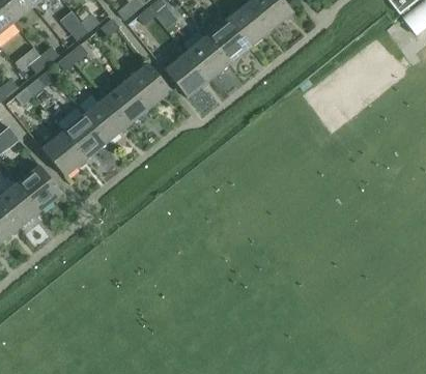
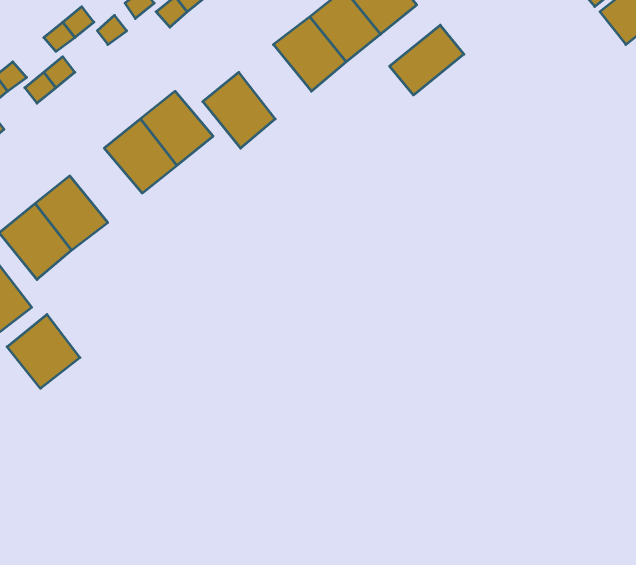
building: none -> [390,25,464,95]
building: [186,35,229,80] -> none
building: [84,97,127,142] -> none
building: none -> [7,314,80,388]

